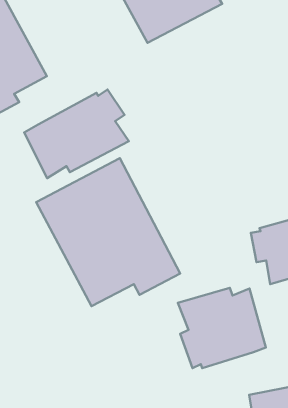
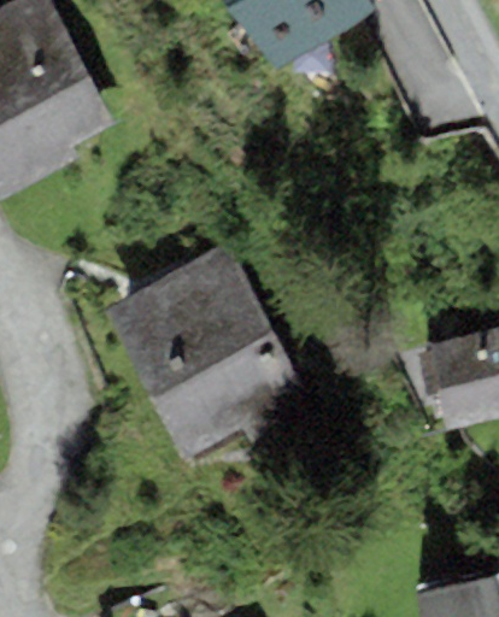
building: [24,90,129,178] -> none
building: [178,288,266,368] -> none

